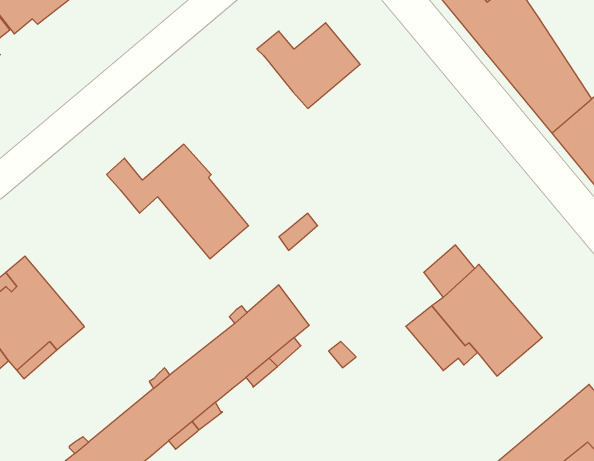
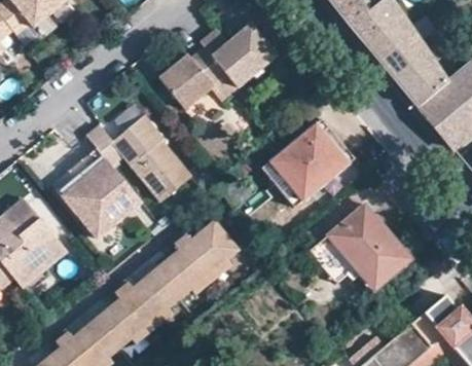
building: none -> [156,48,224,110]
building: none -> [262,119,353,206]
building: none -> [56,148,142,240]

